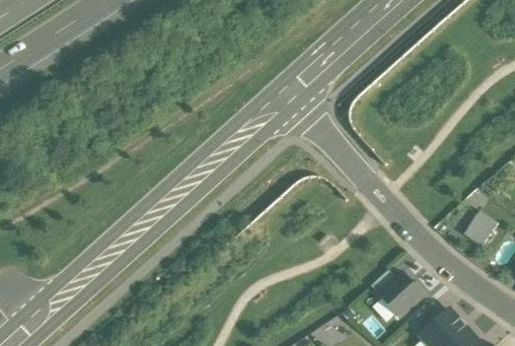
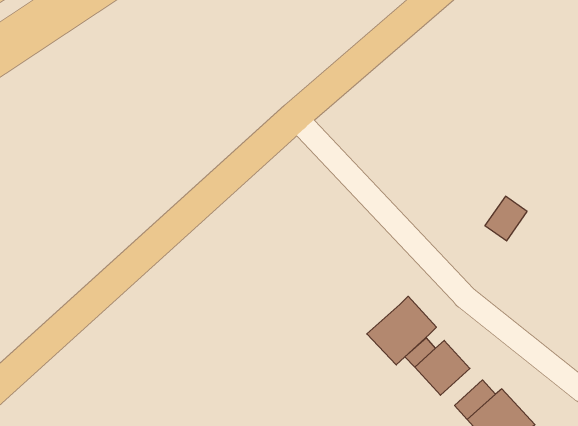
building: [465,211,499,247] -> [485,196,527,241]
building: none -> [367,296,436,365]

